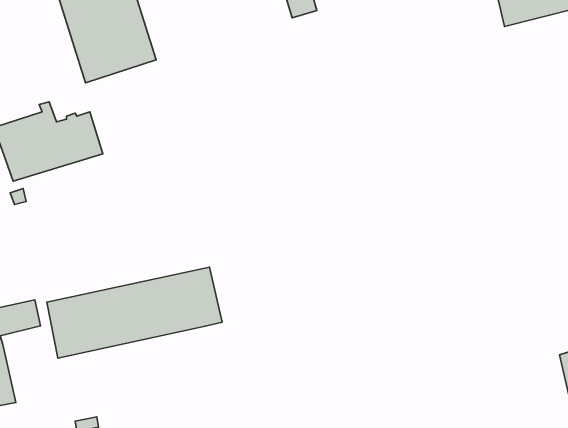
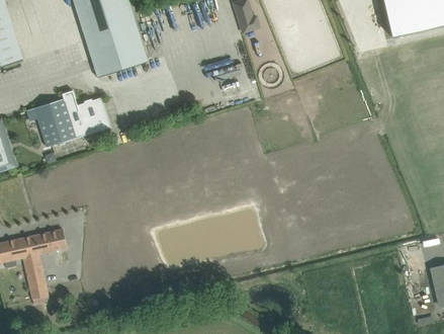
building: [47,267,222,358] -> none

